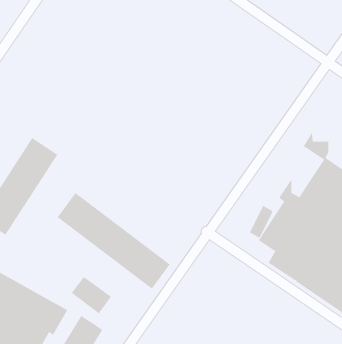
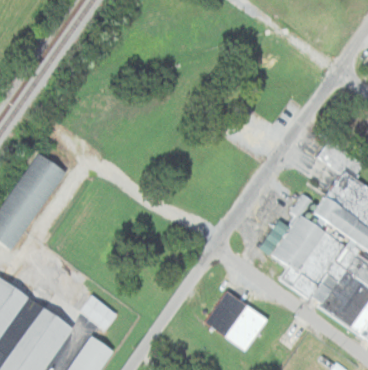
building: [57,192,171,290] -> none
building: none -> [204,290,270,352]

